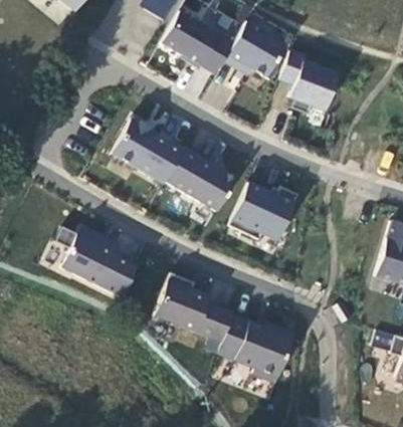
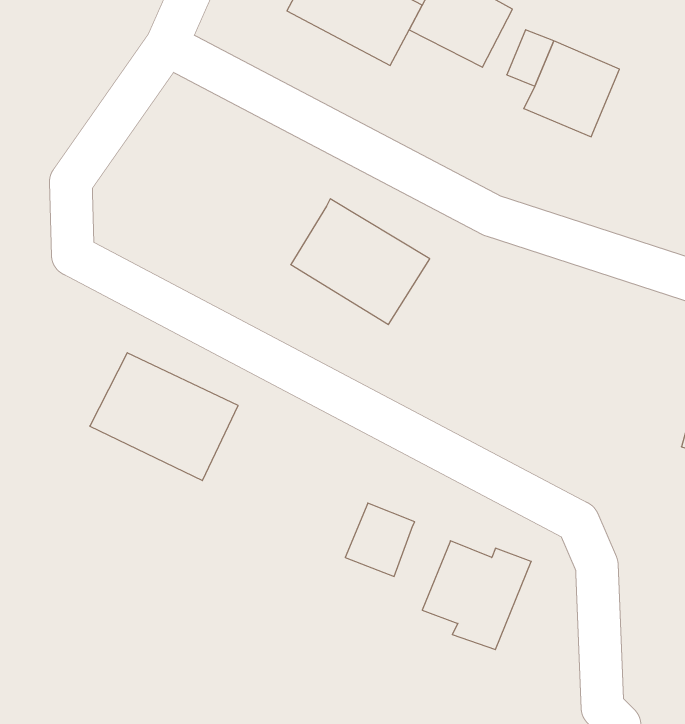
building: [113,116,185,182] -> none
building: [230,179,295,240] -> none
building: [155,276,210,335] -> none
building: [217,317,251,363] -> none

